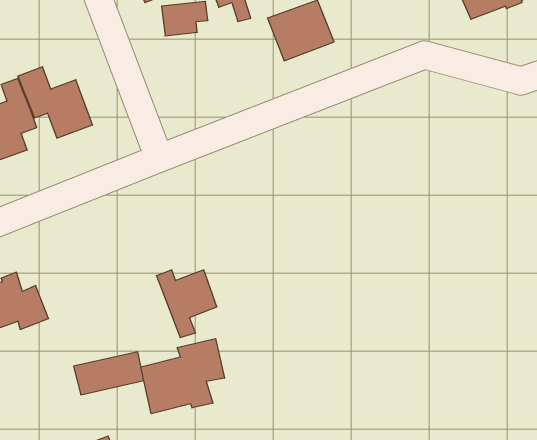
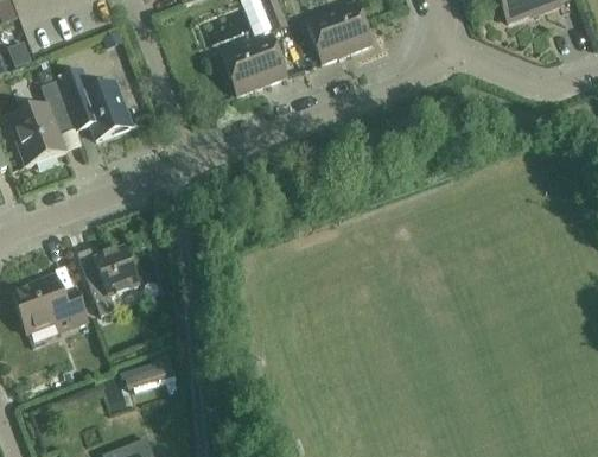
building: none -> [221,33,287,94]
building: [156,270,217,338] -> [77,247,138,315]
building: [141,339,224,414] -> none

